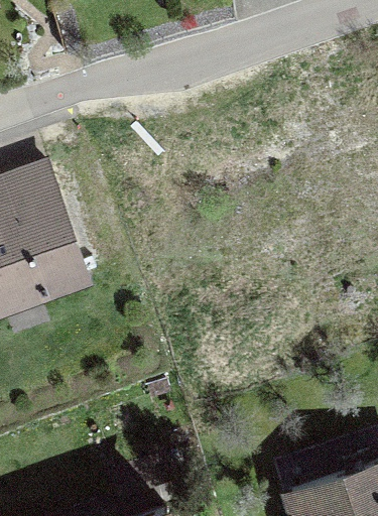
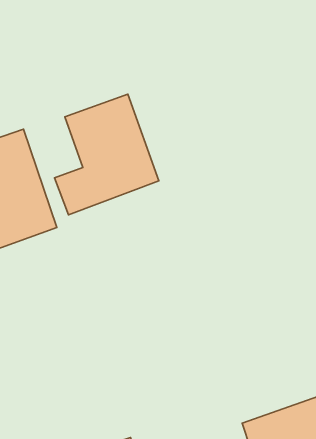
building: none -> [54,94,159,215]

